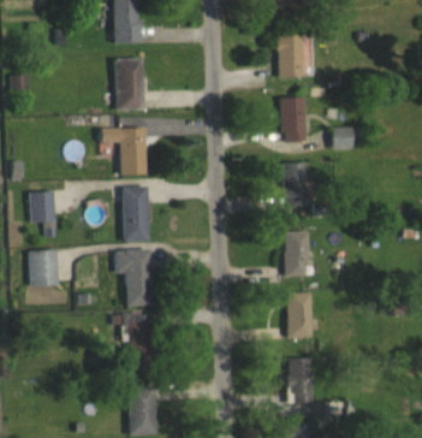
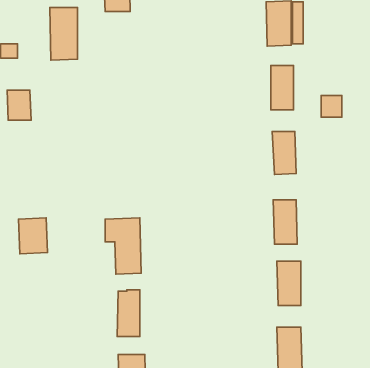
building: [115,58,143,111] -> [50,7,77,60]
building: [101,128,145,174] -> none
building: [123,187,149,242] -> none
building: [30,191,54,221] -> [7,90,31,120]

